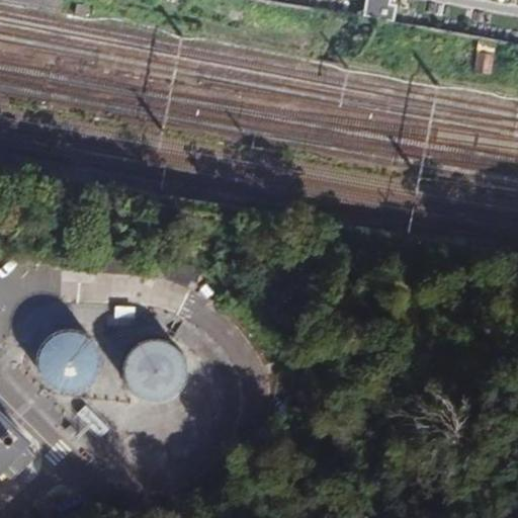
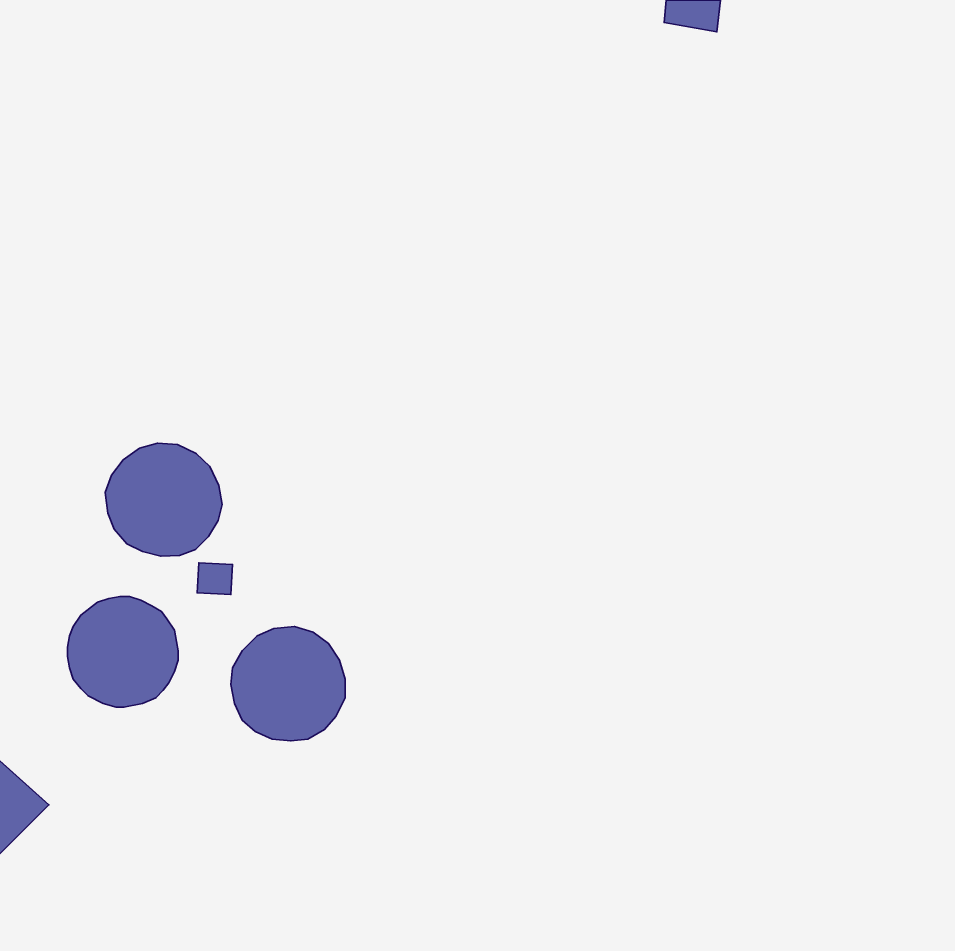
building: none -> [105,443,222,556]

